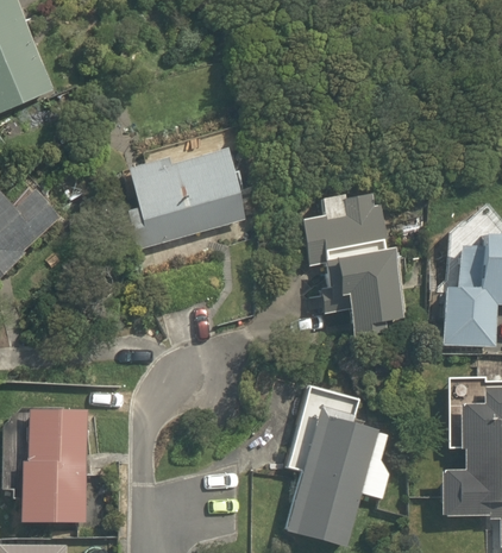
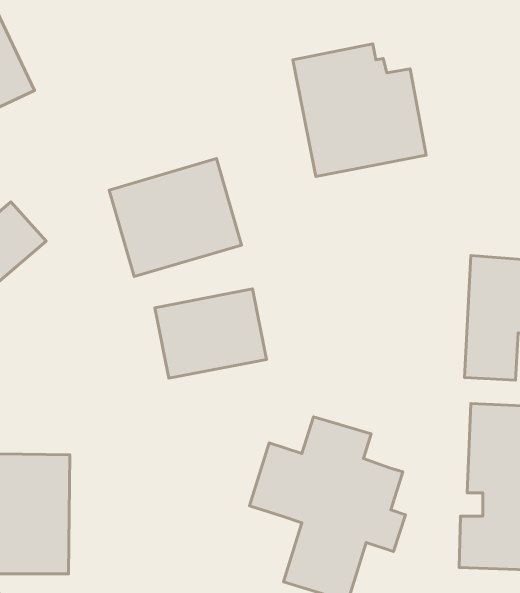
building: none -> [293,44,426,176]
building: [297,178,409,337] -> none
building: none -> [155,289,266,378]

